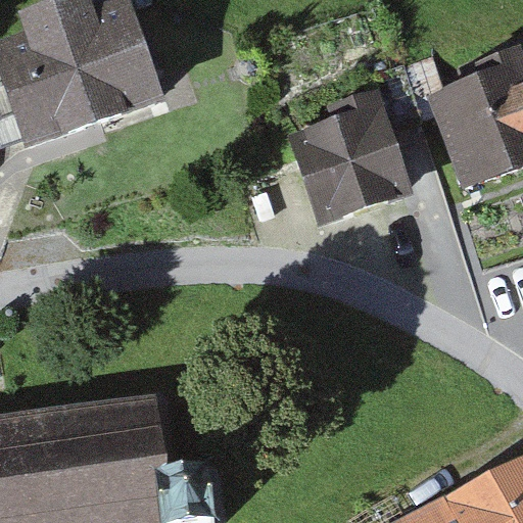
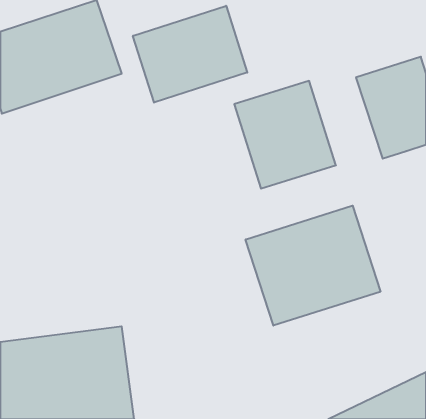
building: none -> [133,6,247,103]
building: none -> [246,206,380,326]

